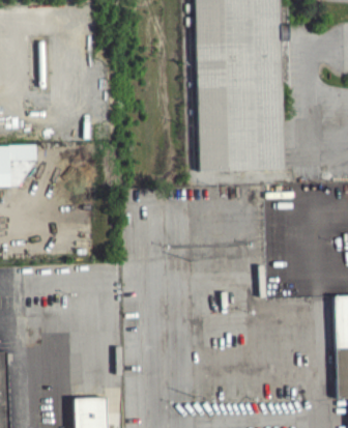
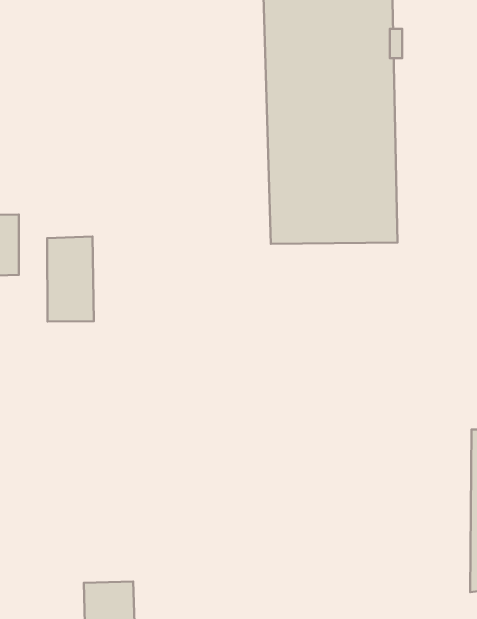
building: none -> [47,237,94,321]

